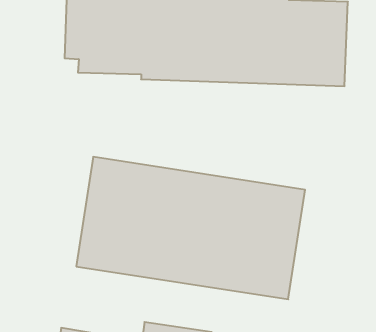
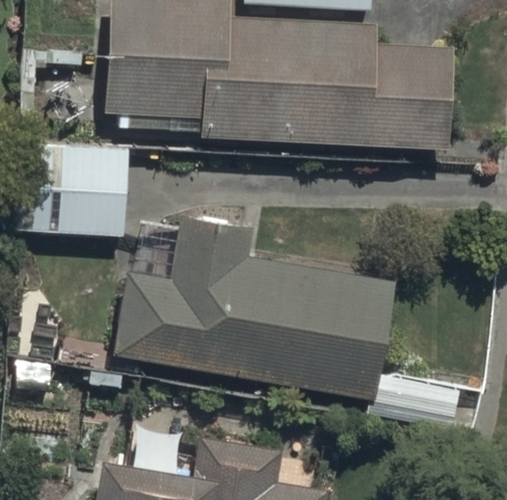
building: none -> [41,148,128,236]

